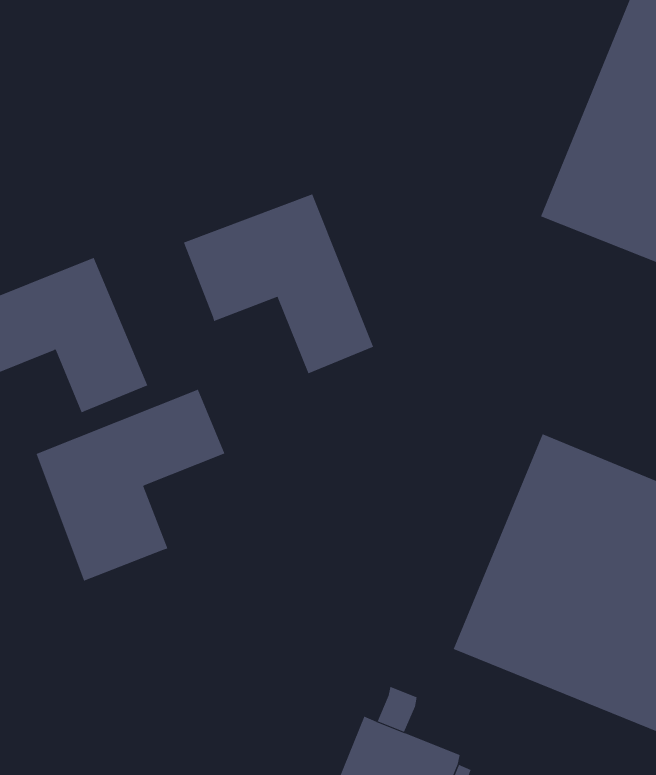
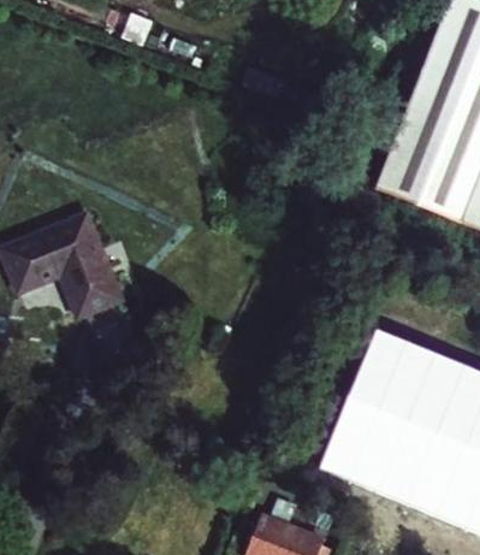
building: [183,194,374,374] -> none
building: [36,389,225,581] -> none

